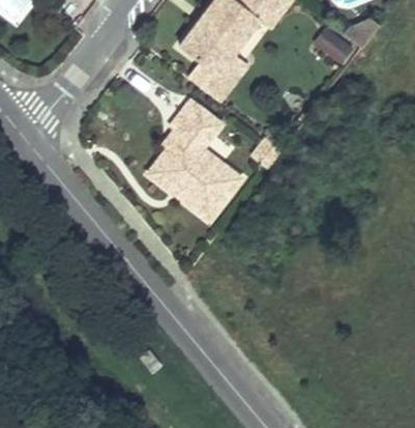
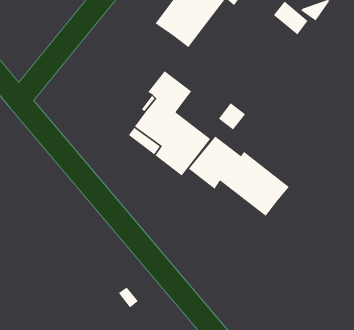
building: [188,55,248,104] -> none
building: none -> [188,136,290,217]

